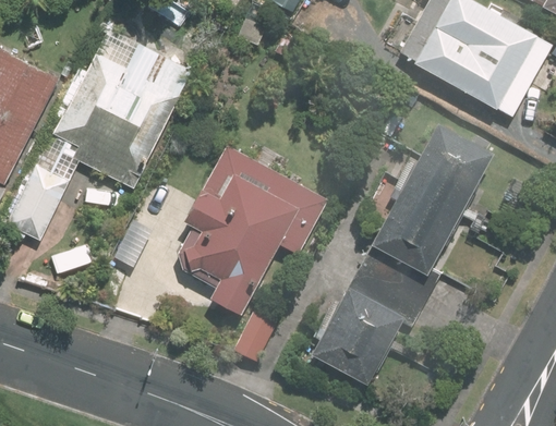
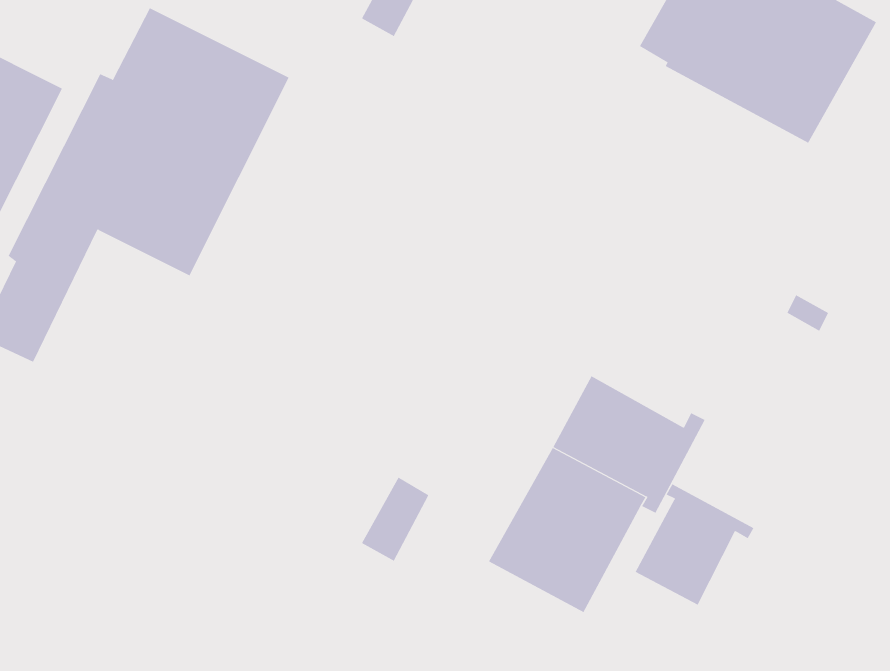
building: [372,123,494,277] -> none
building: [179,145,327,314] -> none
building: none -> [635,484,754,606]

